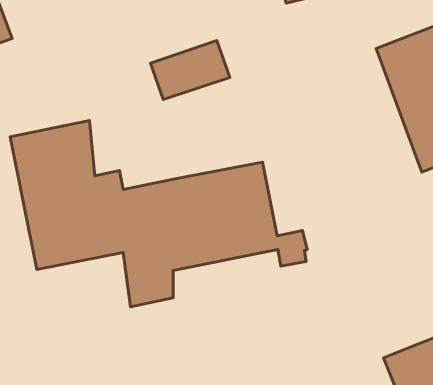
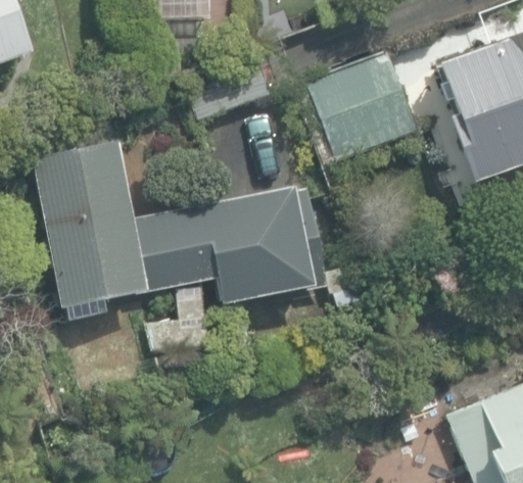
building: none -> [308,49,418,158]

